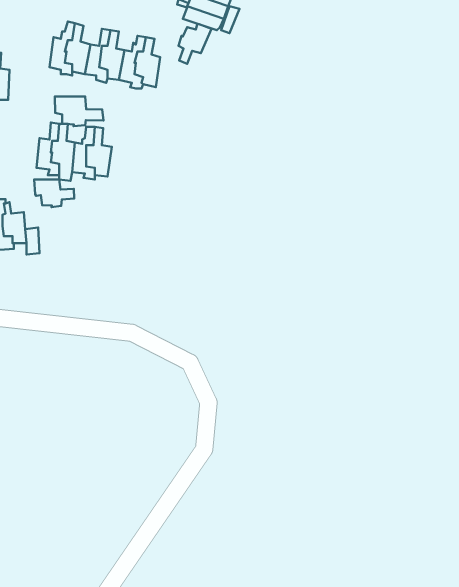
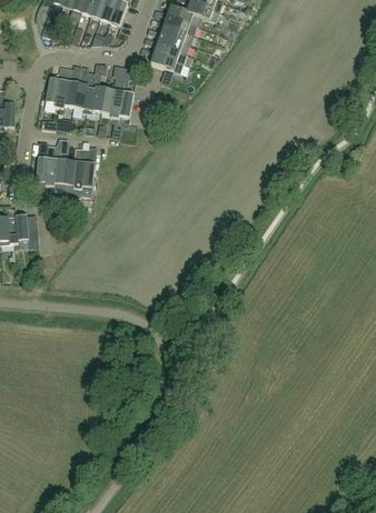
building: [179,24,212,64] -> none
building: [55,96,103,126] -> none
building: [34,179,74,207] -> none

